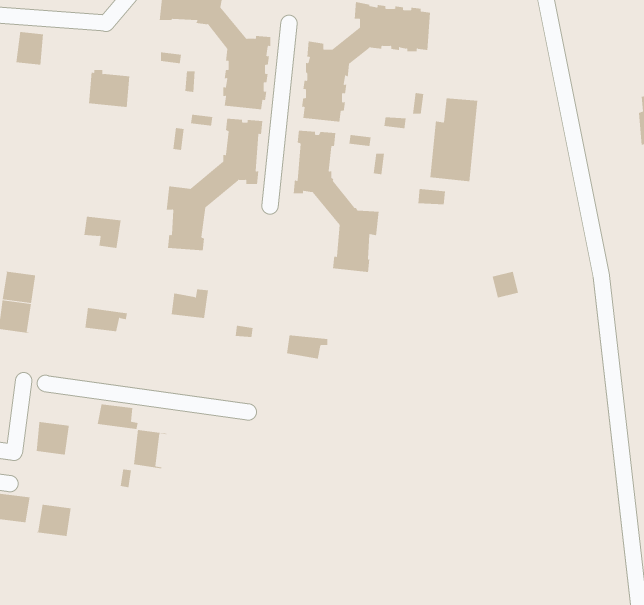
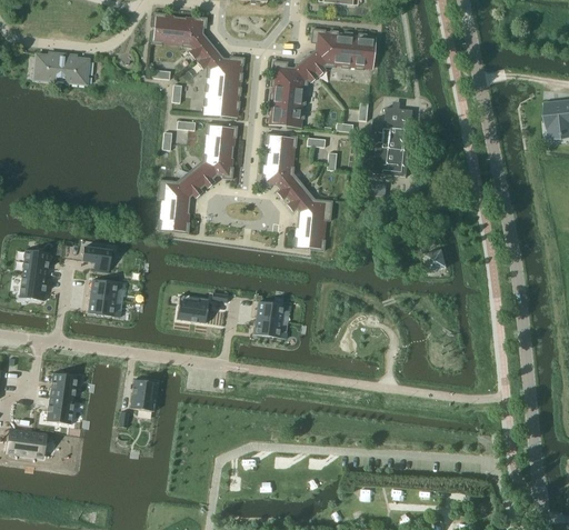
building: [88,70,130,107] -> [56,52,90,83]
building: [83,216,121,249] -> [82,246,113,272]
building: [171,289,209,319] -> [178,298,209,322]
building: none -> [254,317,288,338]
building: [97,404,139,429] -> [88,296,122,317]
building: [36,504,71,537] -> [47,397,76,423]

